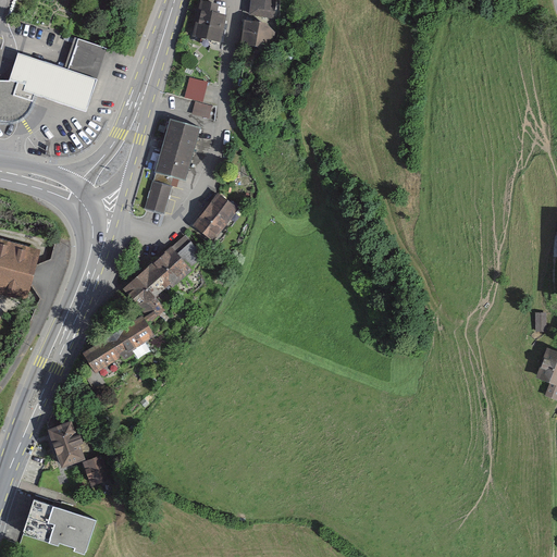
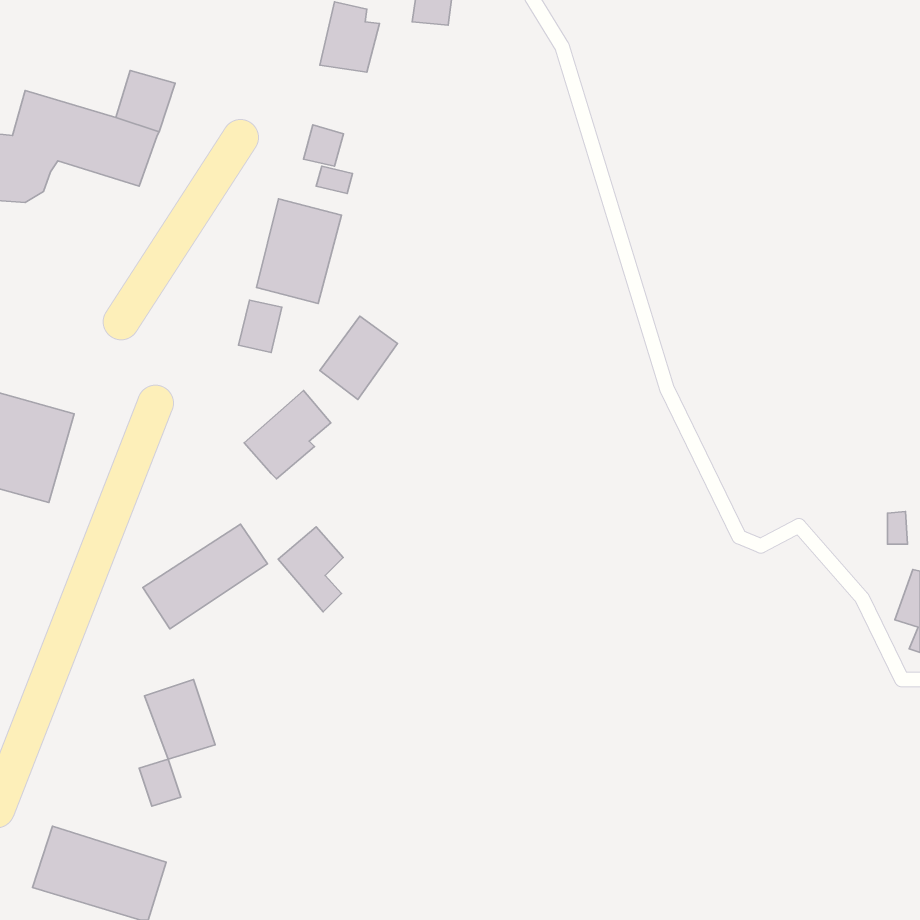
building: [239,18,271,47] -> none
building: [124,267,163,318] -> [278,527,343,612]
building: [48,419,90,467] -> [145,680,215,759]

